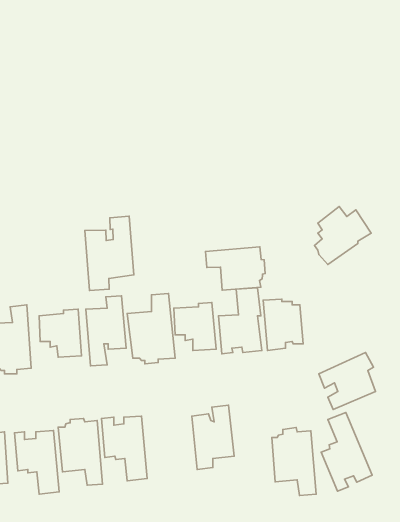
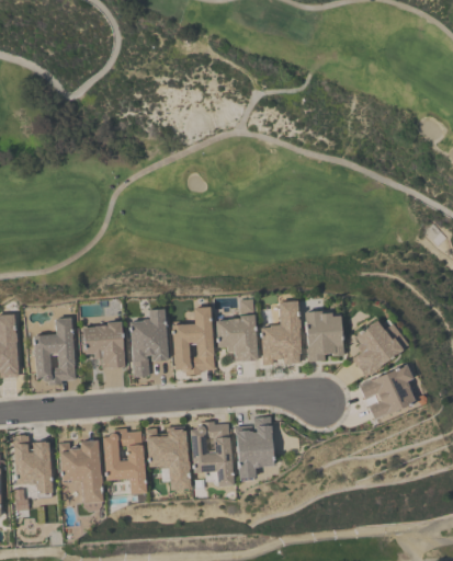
building: [315,207,371,265] -> [352,320,408,377]
building: [85,216,134,290] -> none
building: [205,247,265,290] -> none
building: [321,413,372,491] -> none
building: [272,427,316,495] -> [190,420,234,486]

